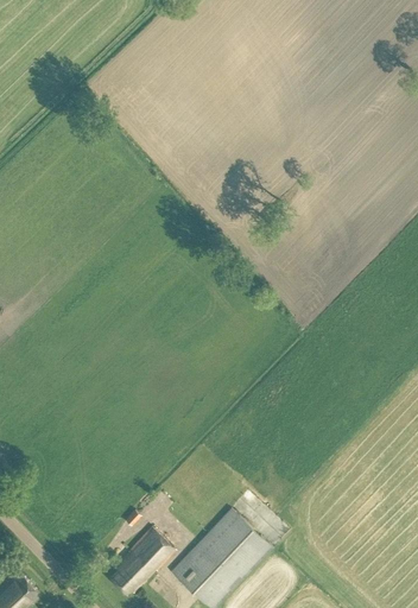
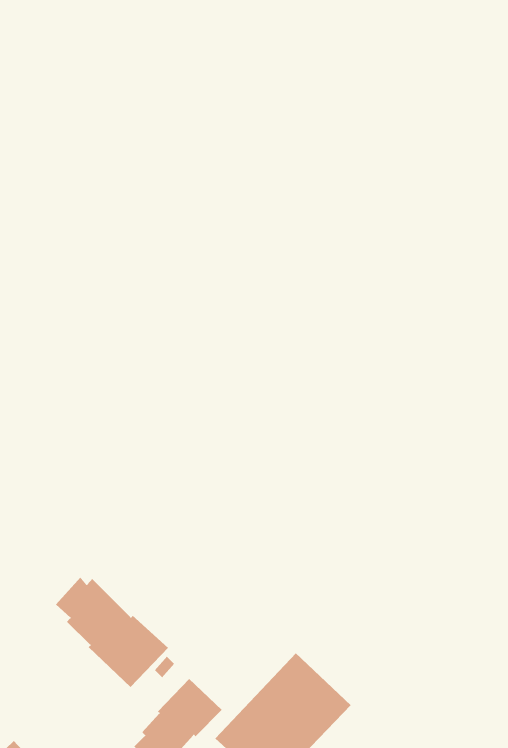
building: none -> [55,576,169,688]

